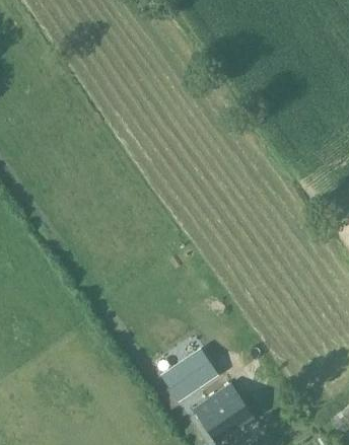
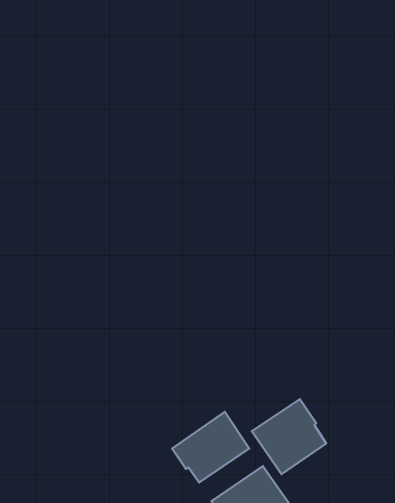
building: none -> [252,399,326,474]

